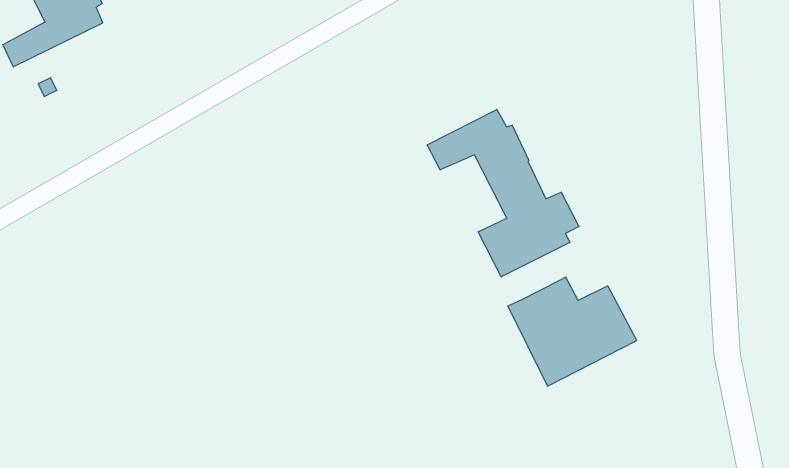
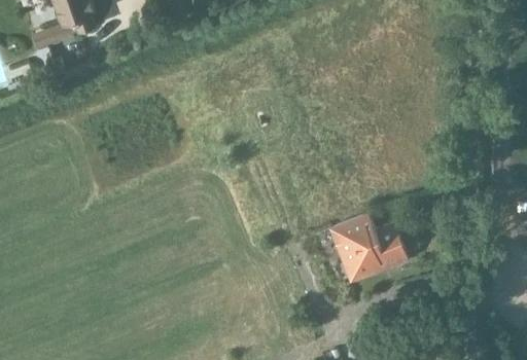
building: [427,109,579,277] -> none

